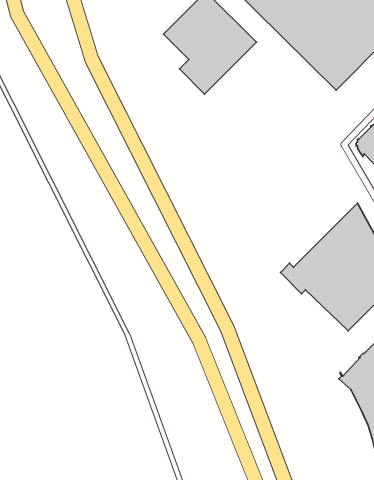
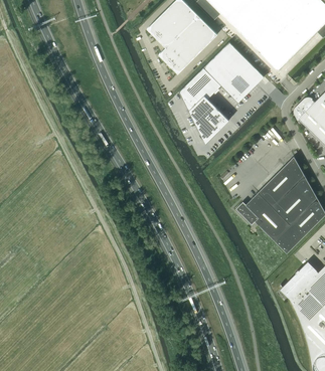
building: none -> [179,41,264,144]

